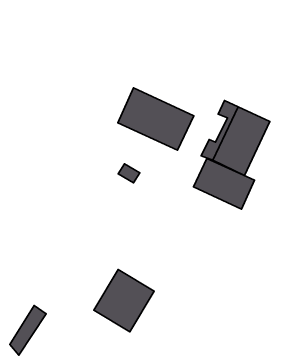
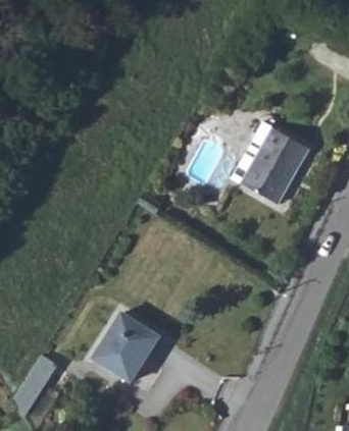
building: [118,88,194,150] -> none
building: [193,158,254,209] -> none

